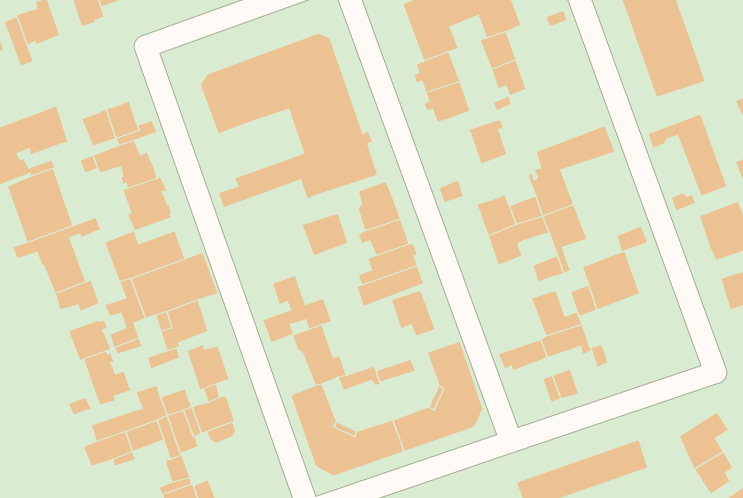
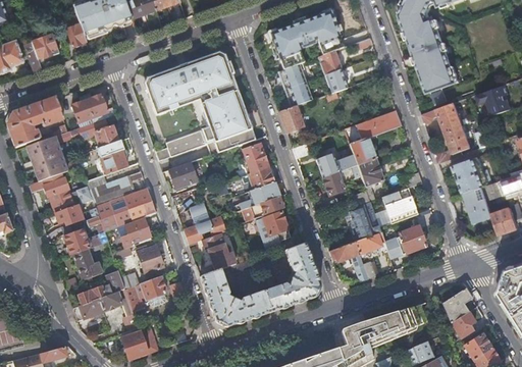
building: [469,120,507,164] -> [279,105,303,133]
building: [302,213,348,256] -> [168,162,197,189]
building: none -> [398,224,426,253]

